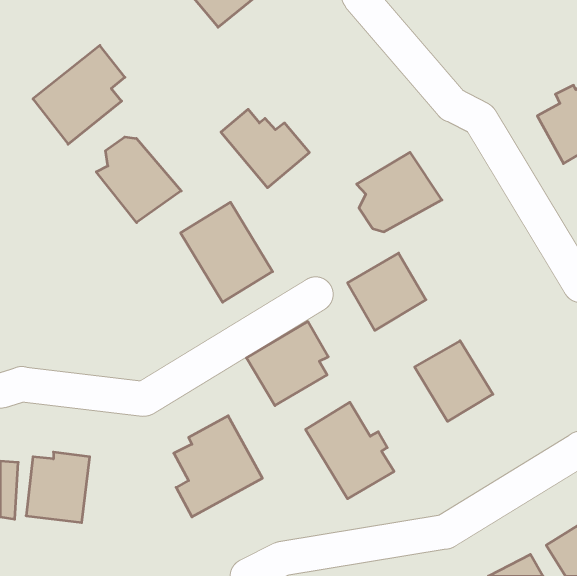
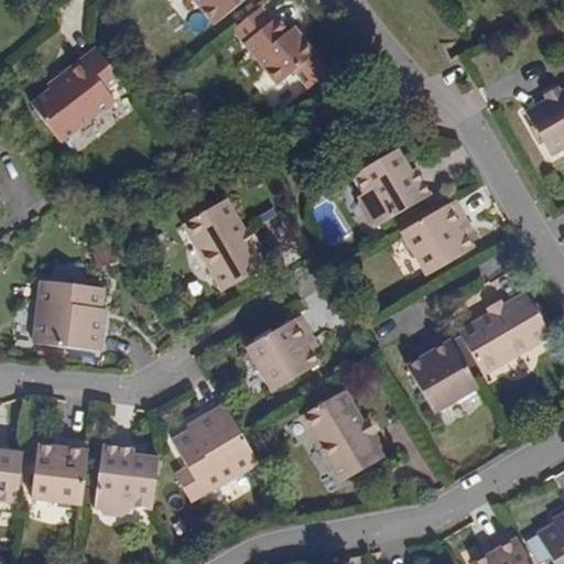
building: [221,109,309,188] -> [231,10,317,86]
building: [96,137,181,223] -> none
building: [348,253,426,330] -> [400,200,476,275]
building: none -> [29,282,107,352]
building: none -> [462,288,554,372]
building: none -> [93,444,156,517]

